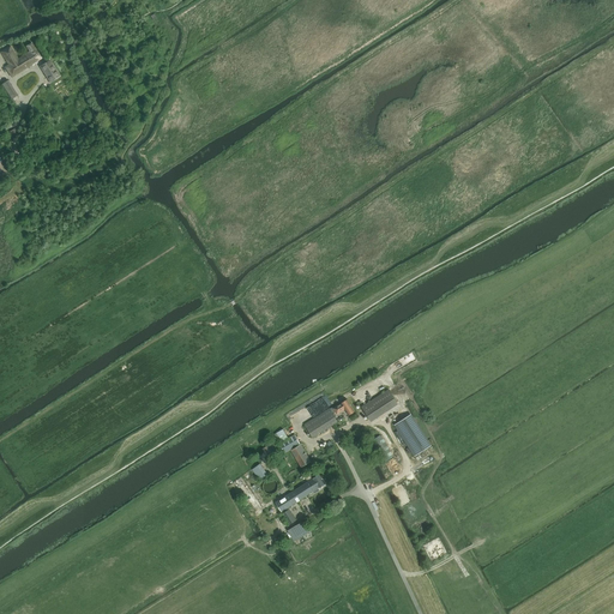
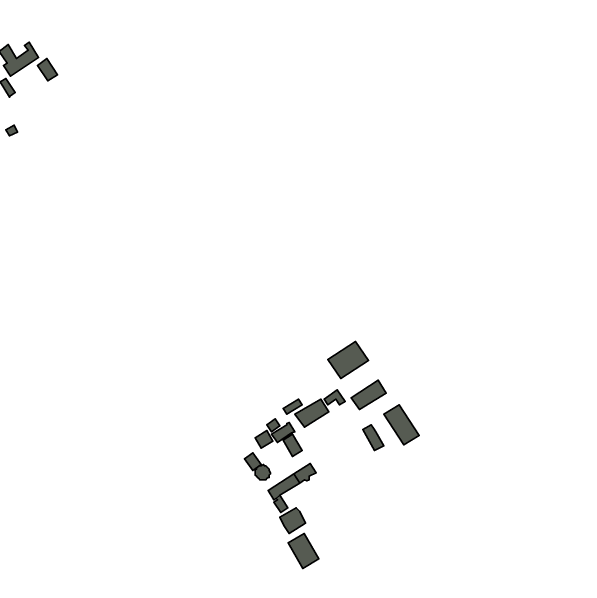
building: none -> [328,342,368,379]
building: none -> [288,533,319,568]

